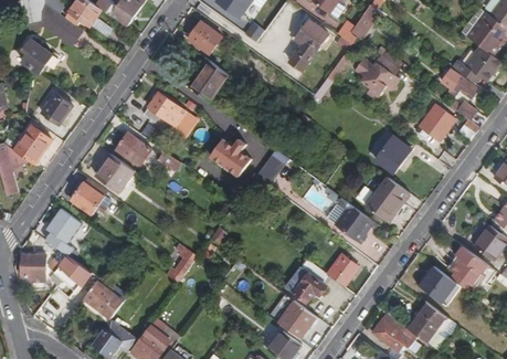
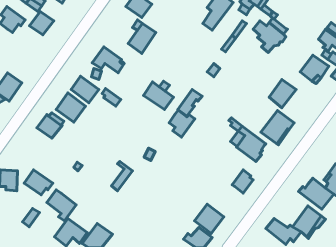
building: [40,93,72,124] -> [29,11,54,35]
building: none -> [169,110,195,137]
building: [45,208,81,249] -> none
building: [295,260,331,300] -> none

